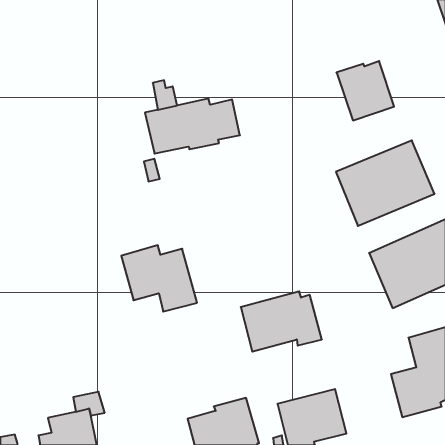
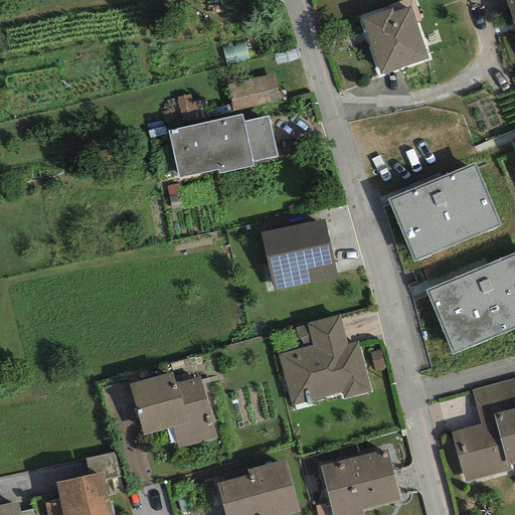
building: [336,61,394,120] -> [362,5,428,73]
building: none -> [227,73,281,111]
building: none -> [262,218,338,291]
building: [121,245,197,312] -> [130,371,217,448]
building: none -> [296,313,346,345]

